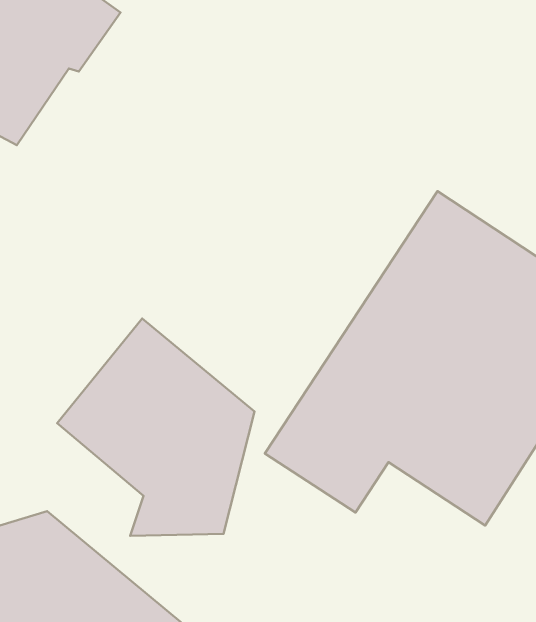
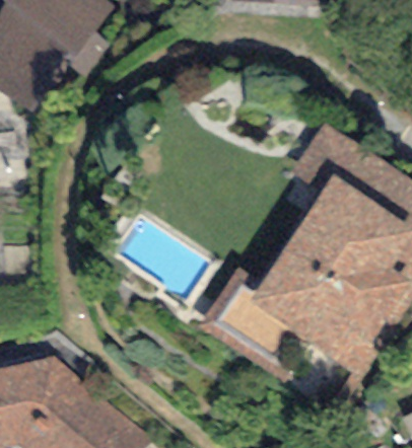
building: [57,318,254,536] -> none

